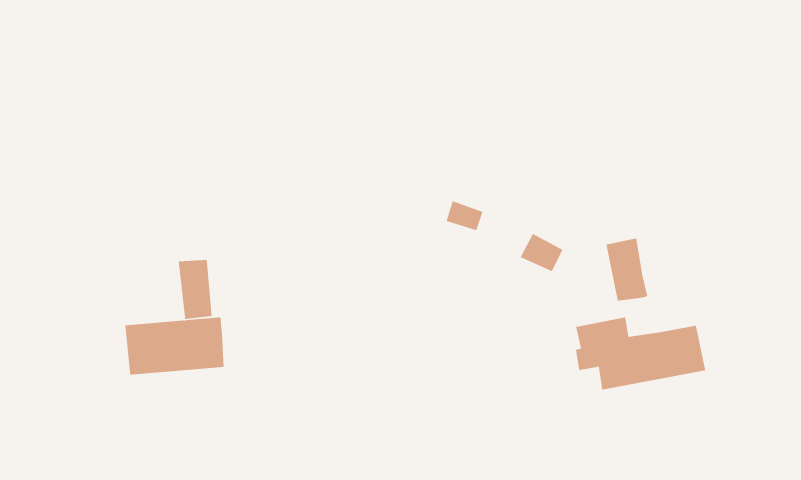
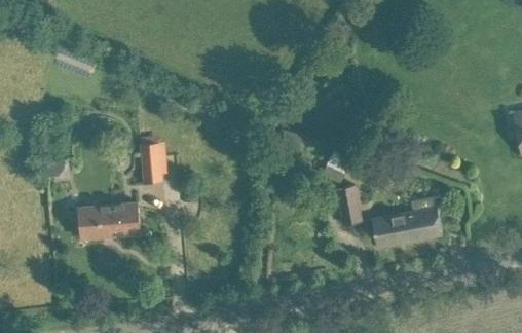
building: [606,237,648,301] -> [337,184,364,224]
building: [178,259,212,320] -> [140,145,161,183]

